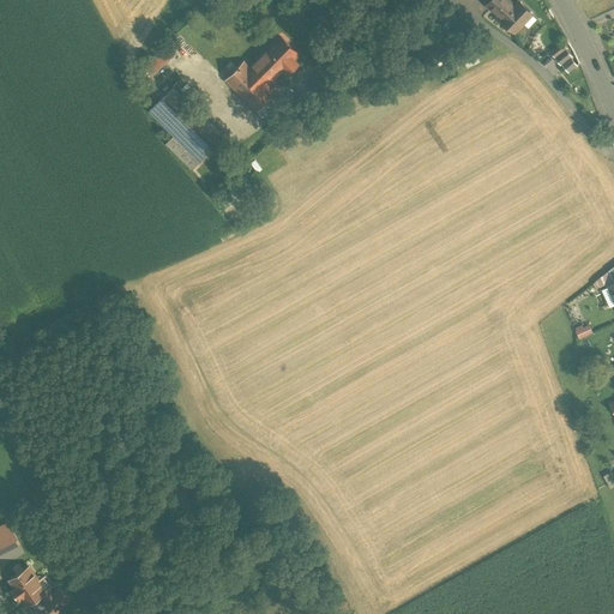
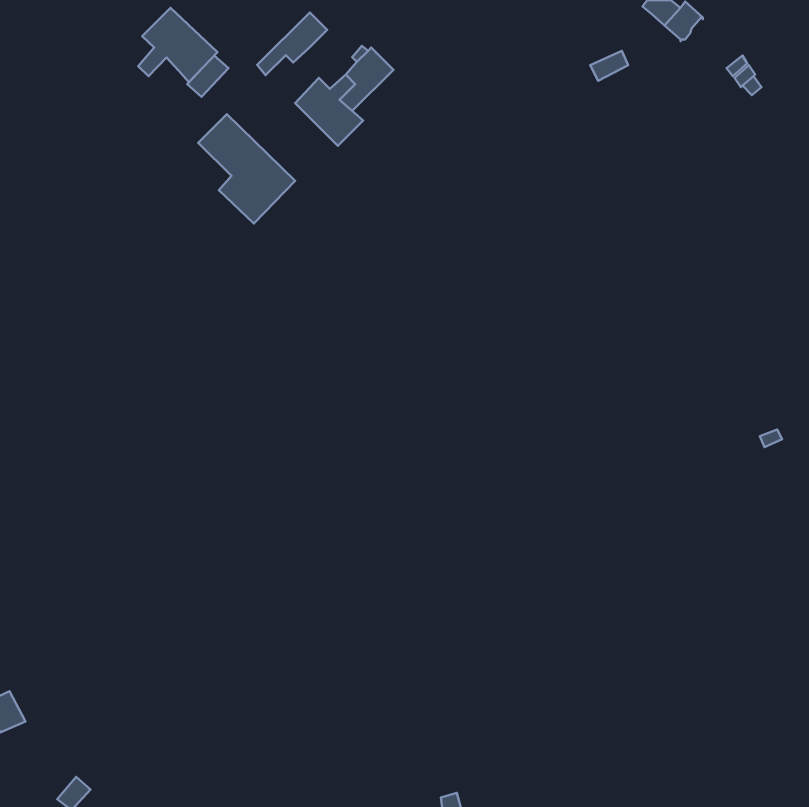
building: none -> [138,8,217,82]
building: none -> [257,12,327,75]
building: [8,568,44,606] -> none

